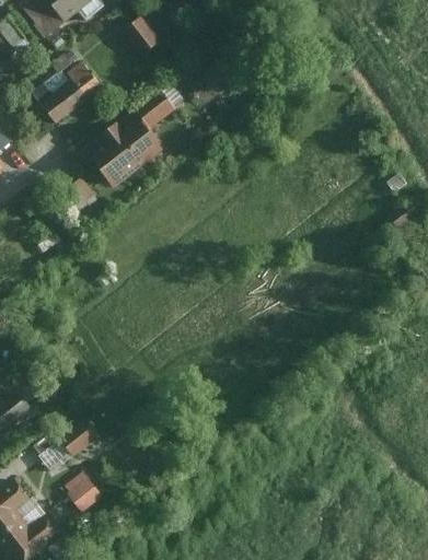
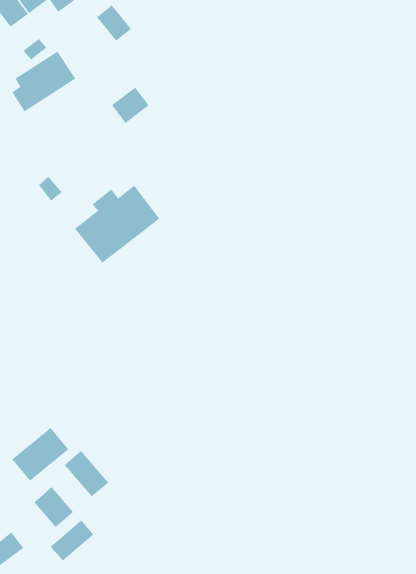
building: [80,117,161,191] -> [74,185,160,264]
building: none -> [64,450,109,497]
building: none -> [50,520,94,562]

